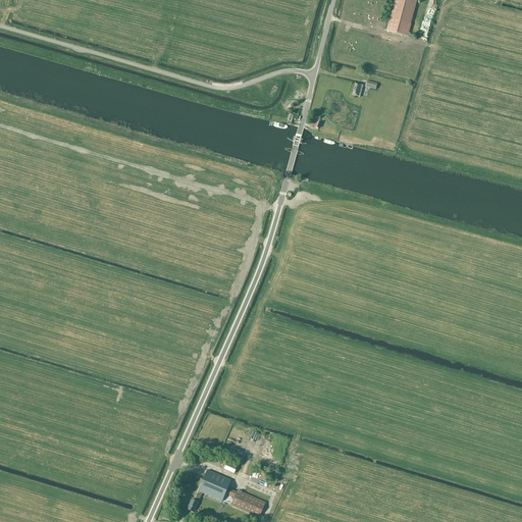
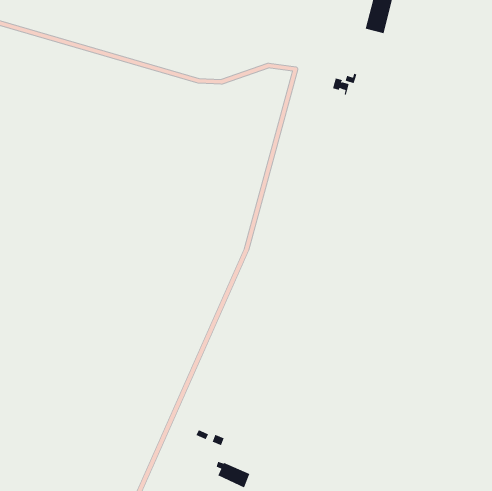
building: [187,469,230,512] -> none

